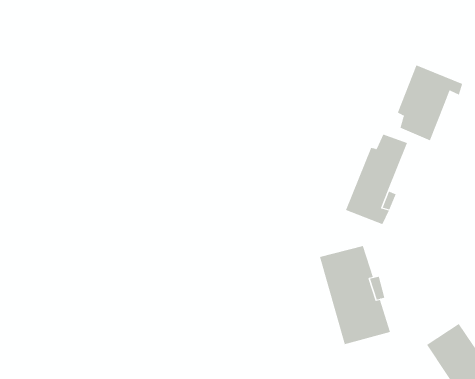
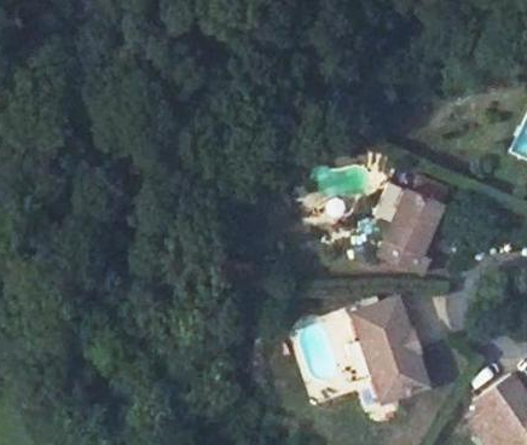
building: [397,65,463,141] -> none

